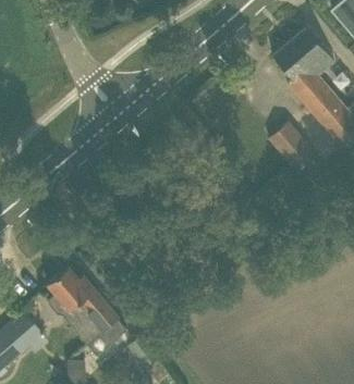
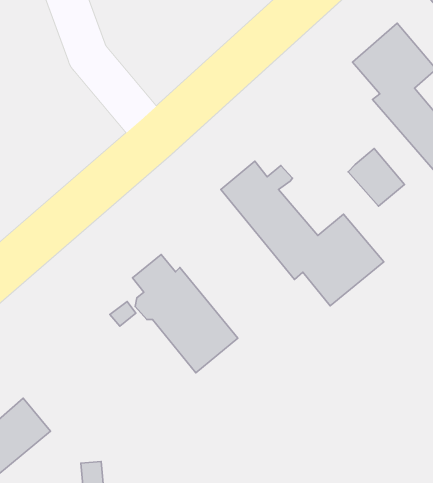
building: none -> [221,161,384,306]
building: [47,267,126,356] -> [132,255,238,373]

